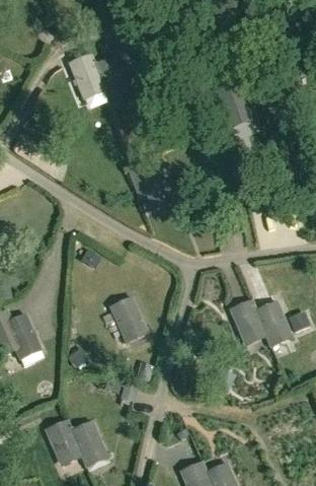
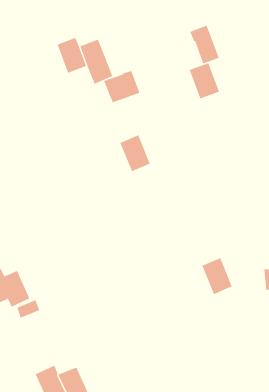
building: none -> [189,25,219,65]
building: none -> [104,70,140,103]
building: [109,297,146,339] -> none
building: [255,302,290,343] -> none

